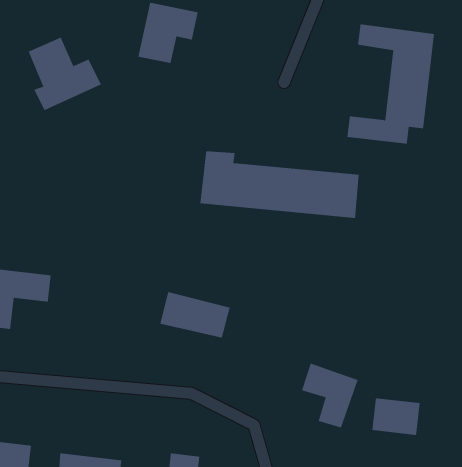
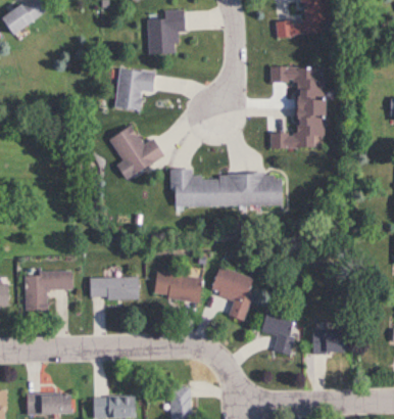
building: [28,37,102,111] -> [109,125,164,179]
building: none -> [90,278,139,300]
building: none -> [210,267,257,321]

